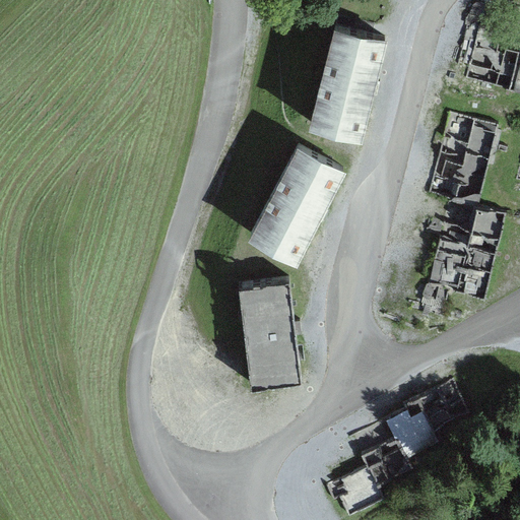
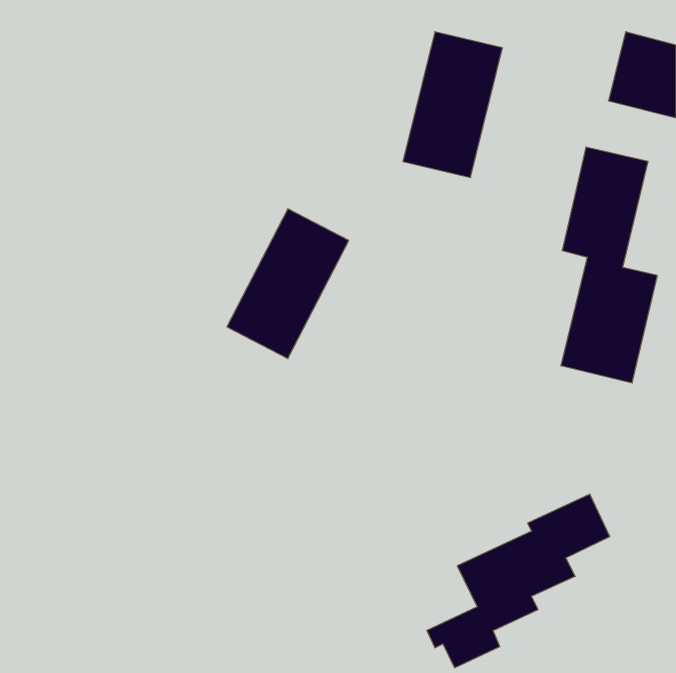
building: [250,147,343,262] -> [227,209,349,359]
building: [239,281,301,385] -> none

